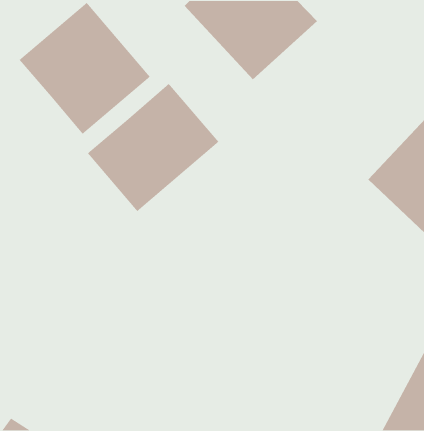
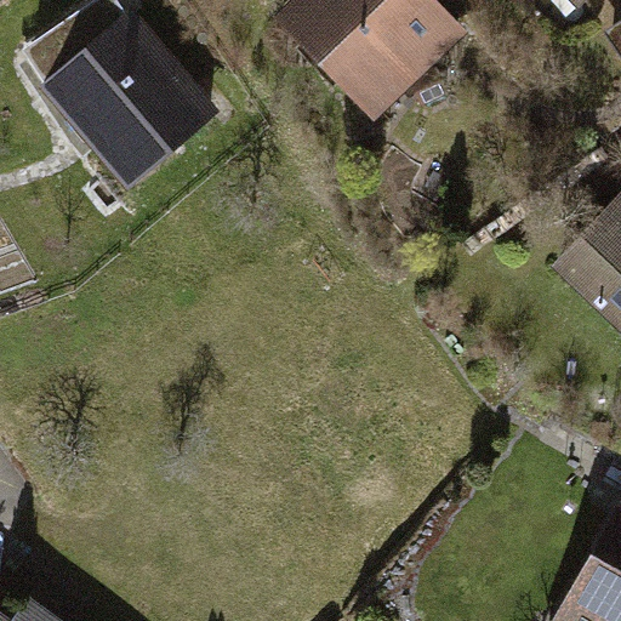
building: [87,83,219,212] -> none

